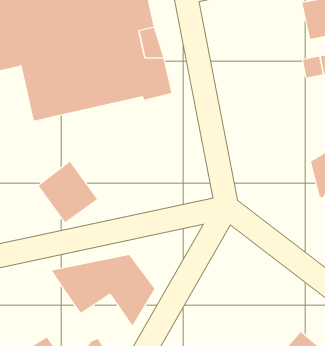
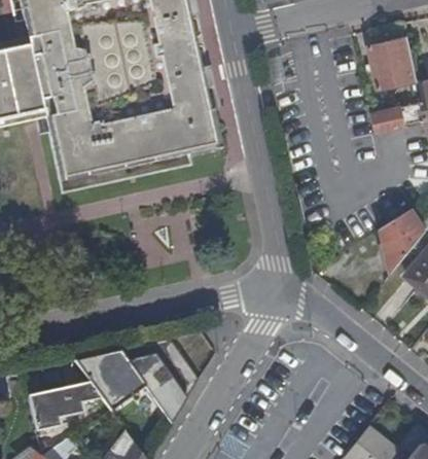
building: [38,161,98,223] -> none
building: none -> [29,381,102,430]

